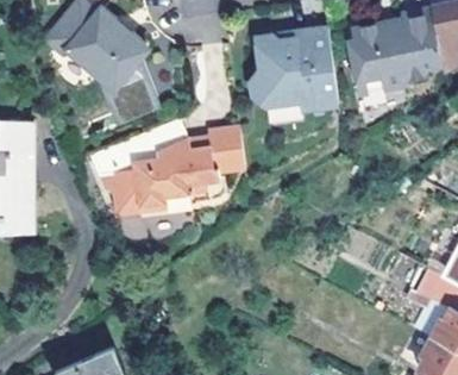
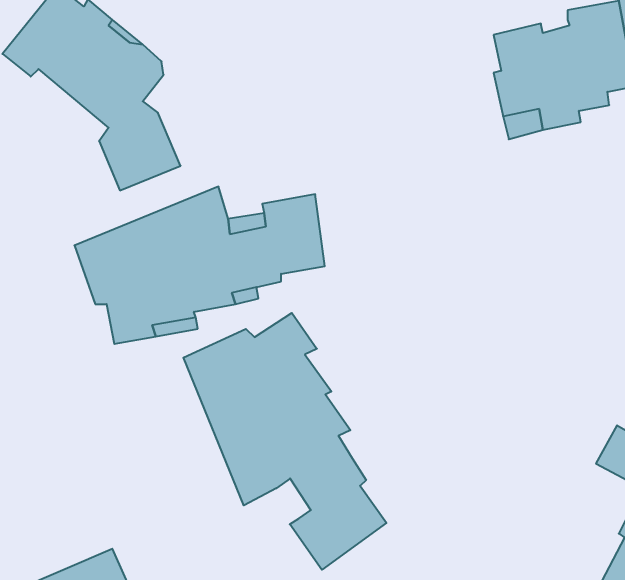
building: [251,29,340,111] -> none
building: none -> [183,313,386,570]

